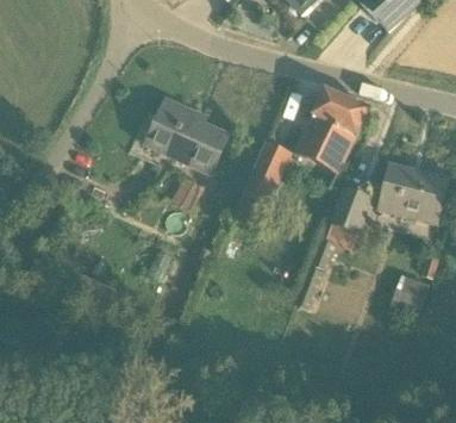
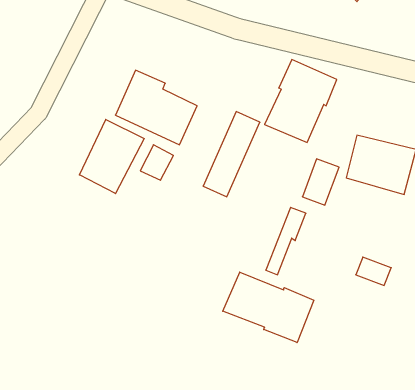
building: none -> [79,119,144,194]
building: none -> [223,272,314,343]

